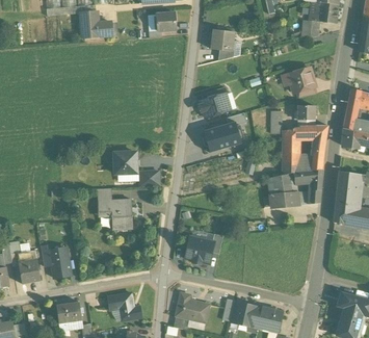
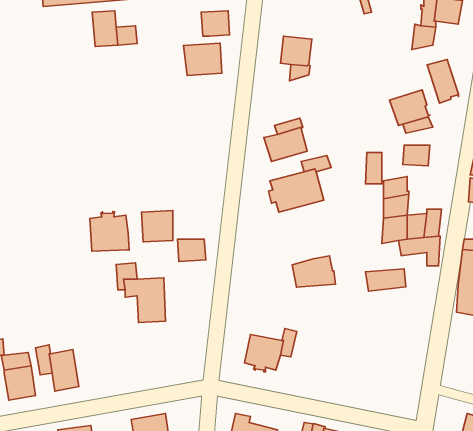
building: none -> [184,43,222,75]
building: none -> [427,60,459,103]
building: [299,126,327,151] -> none
building: none -> [90,212,129,251]
building: [267,173,297,194] -> [292,256,335,287]

